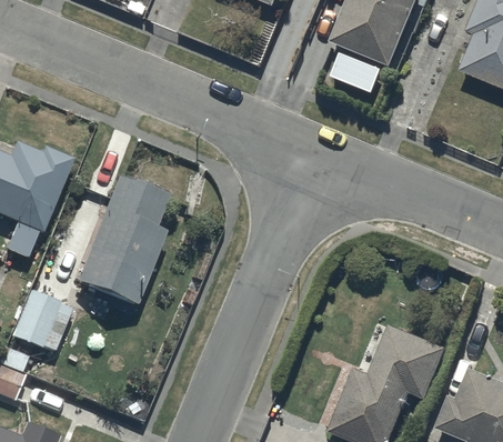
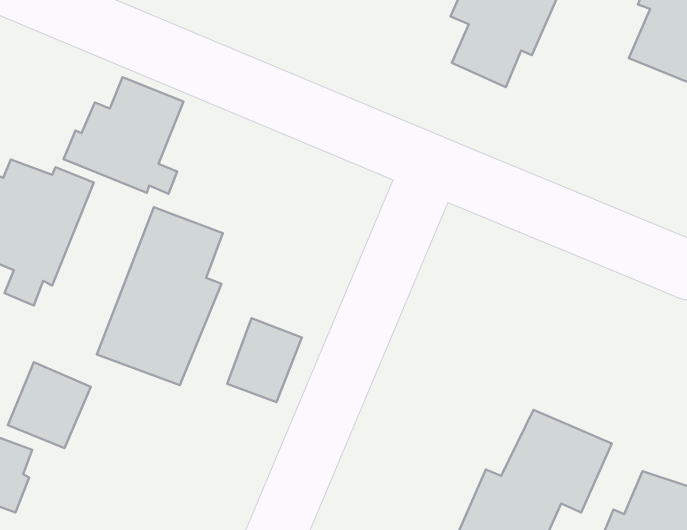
building: none -> [64,77,183,194]
building: none -> [227,318,302,402]

